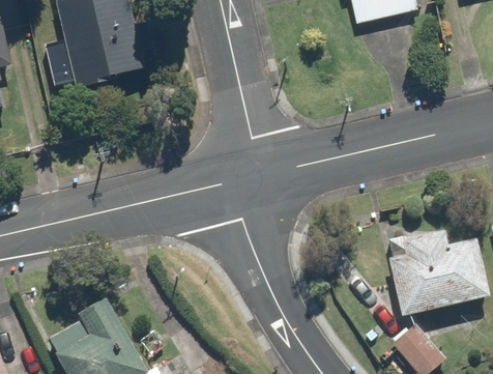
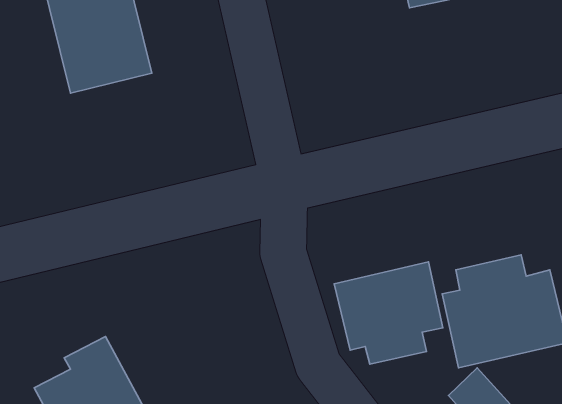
building: none -> [334,262,443,364]

